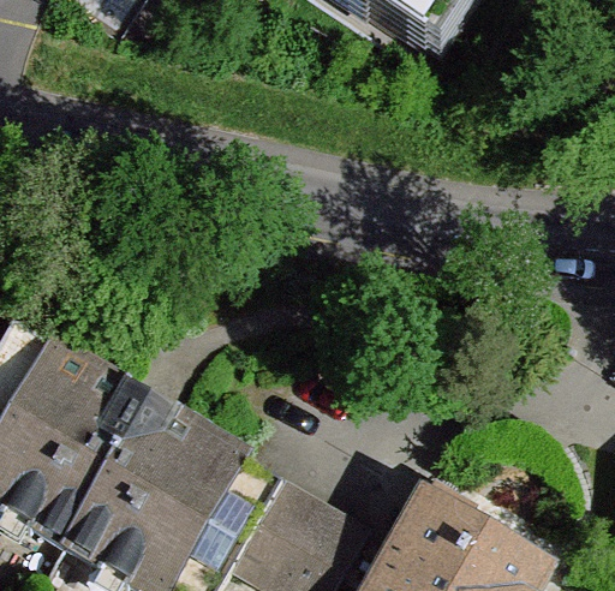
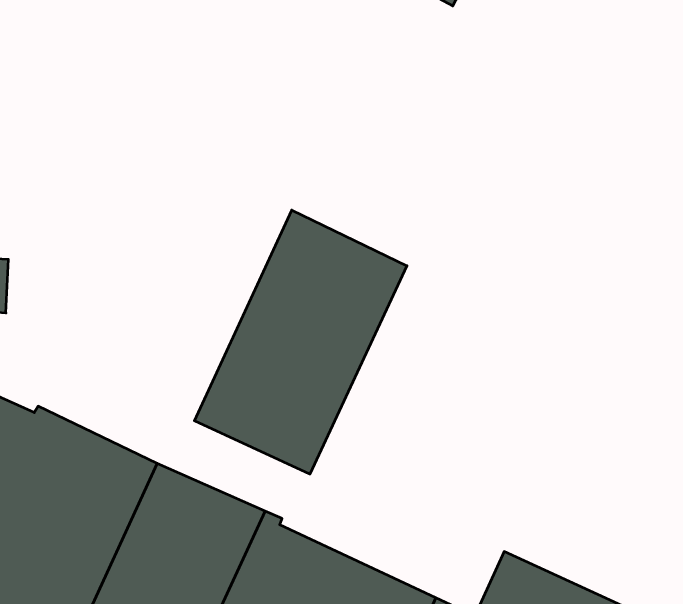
building: none -> [194,210,407,474]

